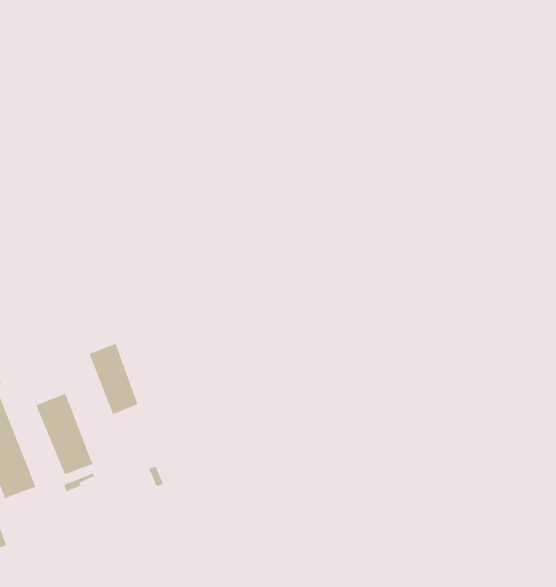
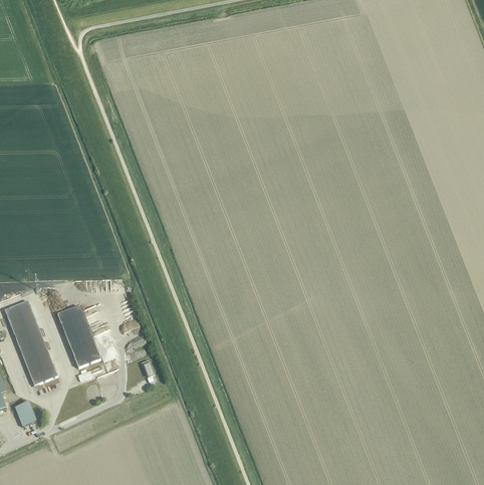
building: [88,343,138,415] -> none

